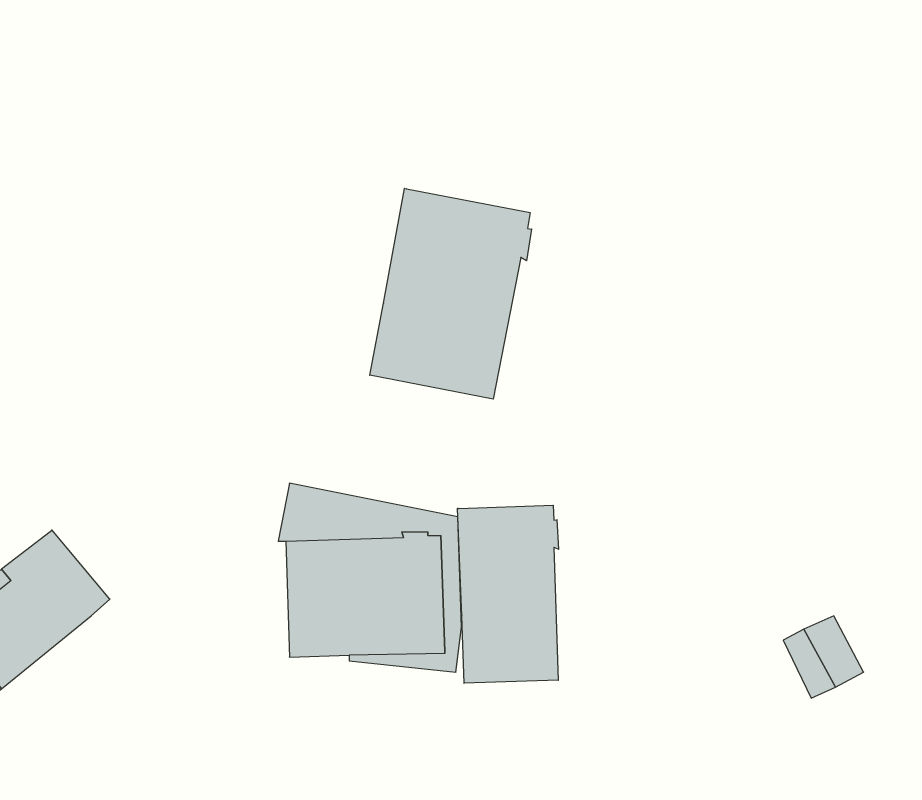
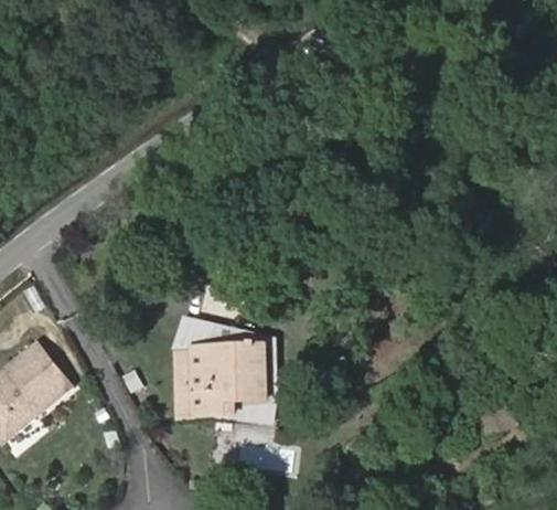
building: [370,188,532,399] -> none
building: [457,505,559,683] -> none

